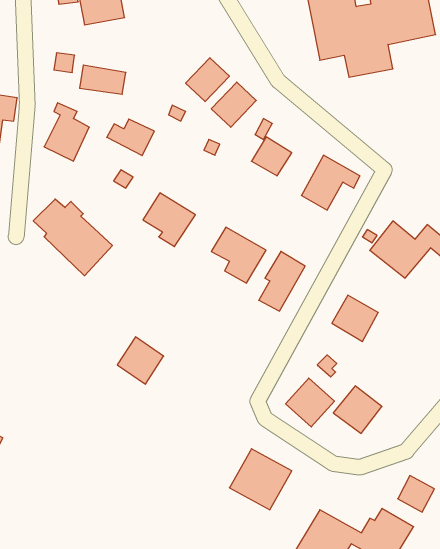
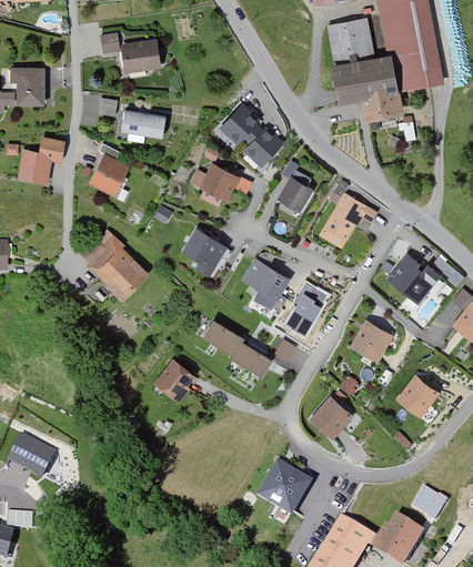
building: [107,119,154,156] -> [191,165,234,199]
building: none -> [204,320,308,377]
building: [333,386,382,433] -> [396,374,441,417]

